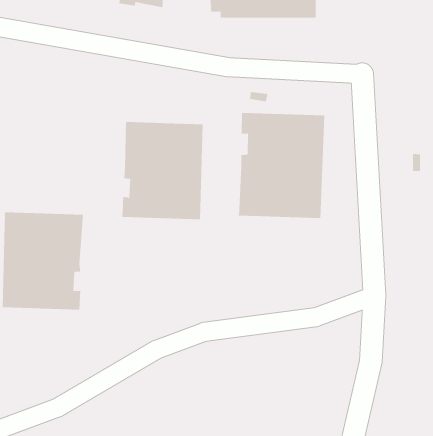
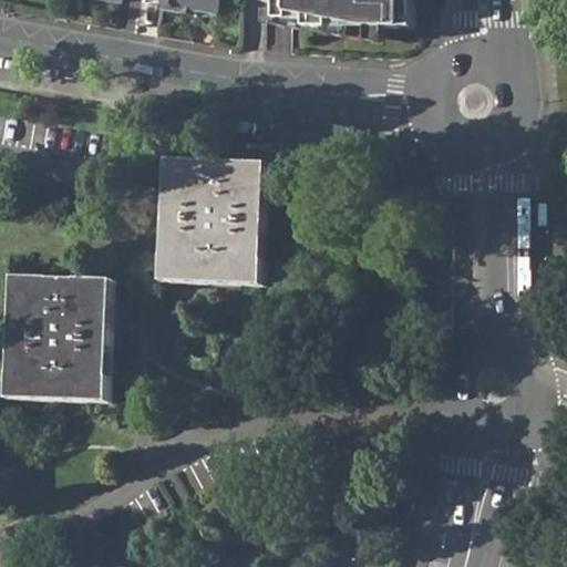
building: [239,112,325,219] -> none

